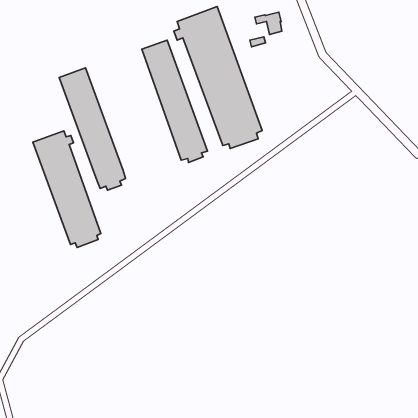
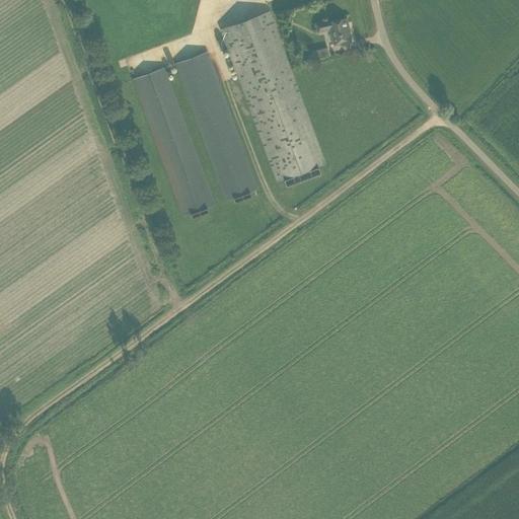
building: [59,68,126,190] -> [131,66,213,217]
building: [33,131,101,247] -> none

